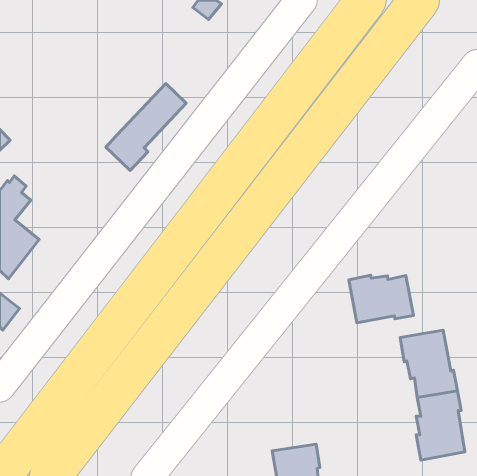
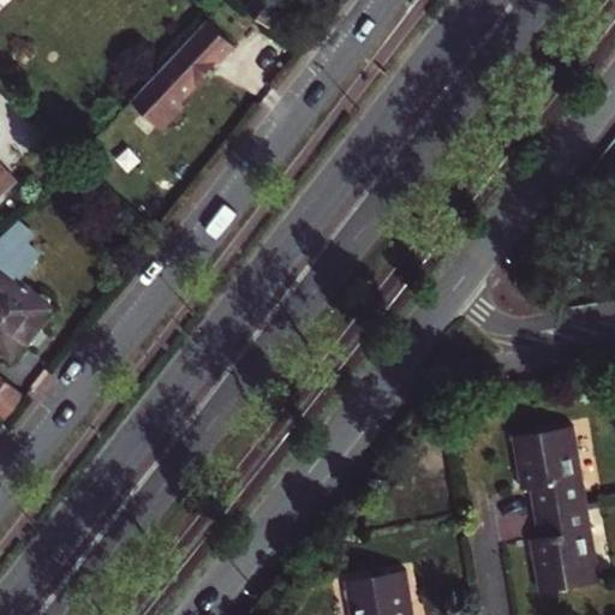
building: [106,83,186,170] -> [130,20,233,132]
building: [349,275,414,323] -> none

